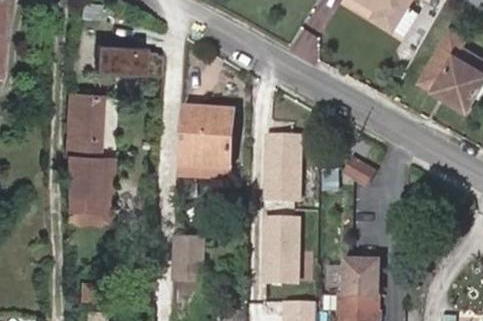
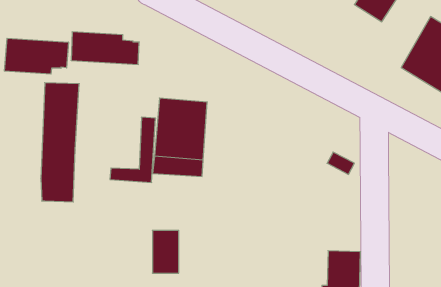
building: none -> [4,38,68,74]
building: [264,129,304,200] -> none
building: [68,161,113,225] -> [110,117,156,182]
building: [263,212,303,283] -> none

